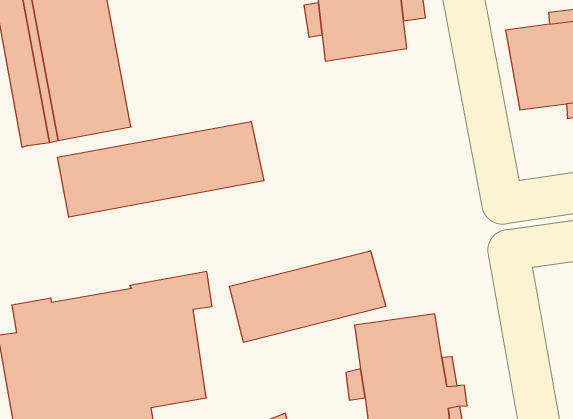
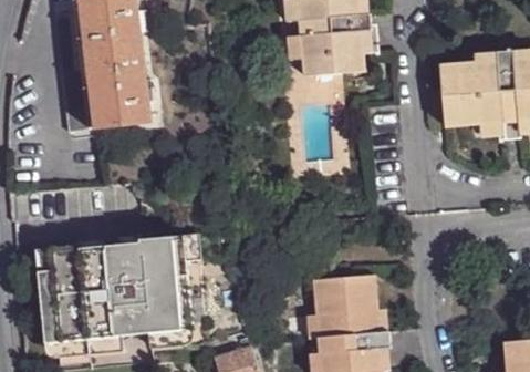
building: [58,121,264,217] -> none
building: [229,251,386,342] -> none

